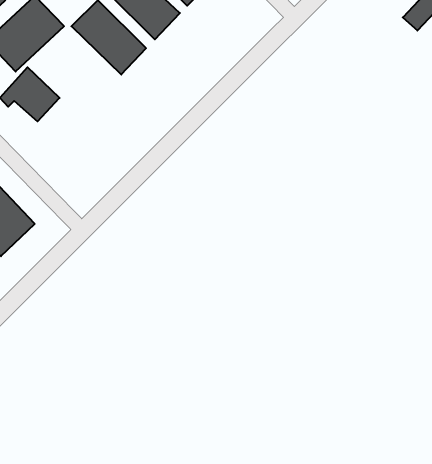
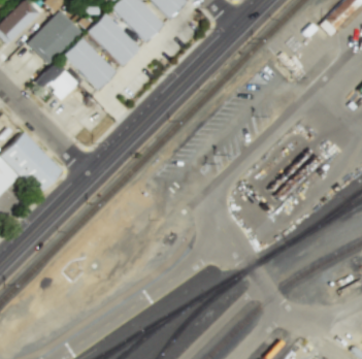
building: none -> [63,37,116,89]

